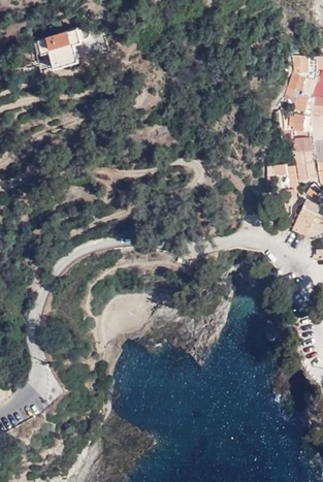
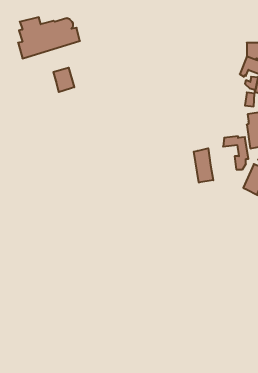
building: none -> [53,68,74,92]
building: none -> [194,148,213,183]

